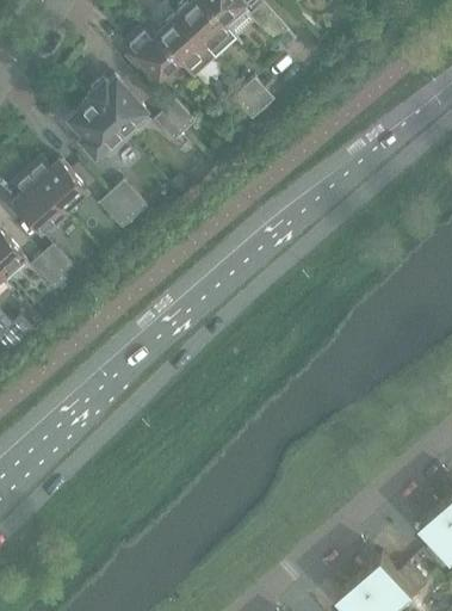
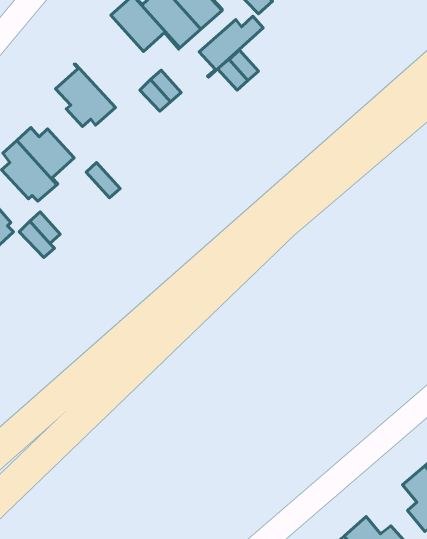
building: none -> [199,16,263,77]
building: [86,76,145,138] -> none
building: [107,181,145,221] -> none

